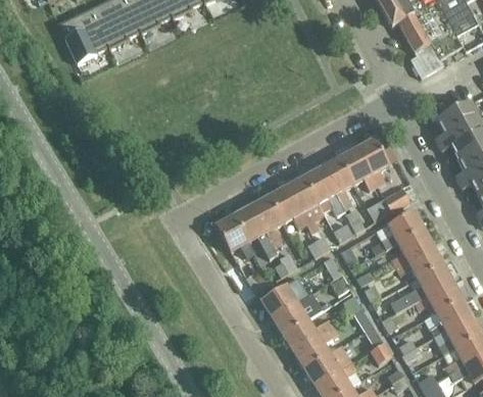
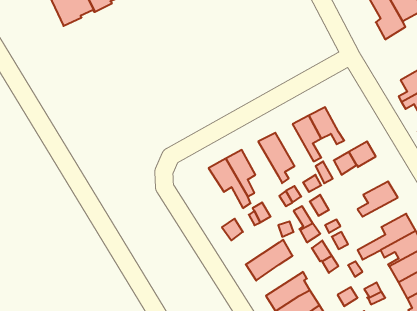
building: [356,139,388,185] -> none
building: [303,167,345,213] -> none
building: [268,186,306,227] -> none
building: [381,210,424,249] -> none
building: [214,214,253,255] -> none
building: [396,246,443,278] -> none
building: [260,283,307,317] -> none
building: [283,317,333,351] -> none

